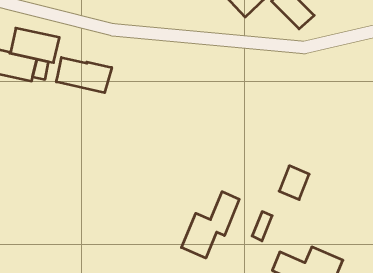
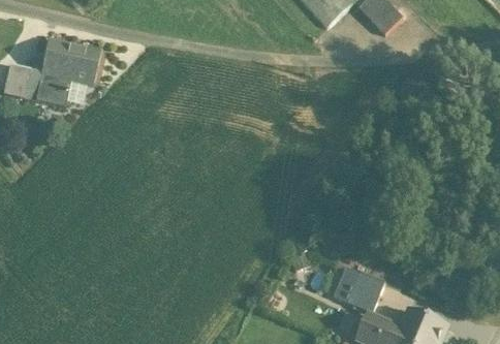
building: [56,57,112,93] -> none
building: [279,166,309,200] -> [347,272,384,313]
building: [181,192,239,258] -> none

